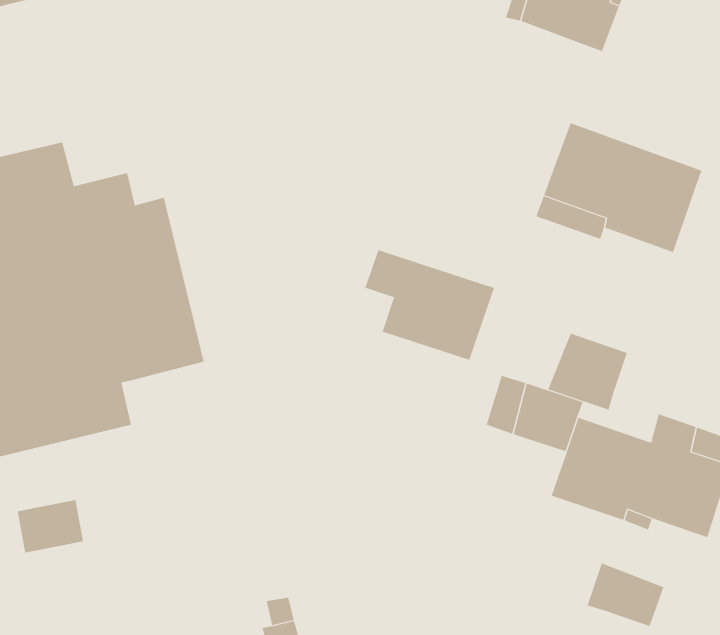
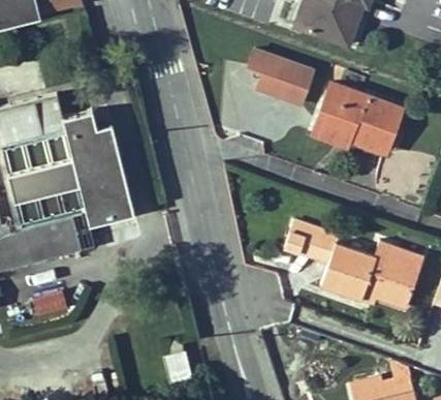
building: [365,250,495,361] -> [246,43,316,103]
building: [547,333,627,410] -> none
building: [587,563,664,627] -> none

